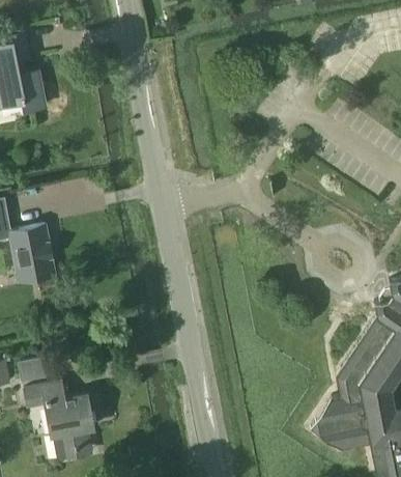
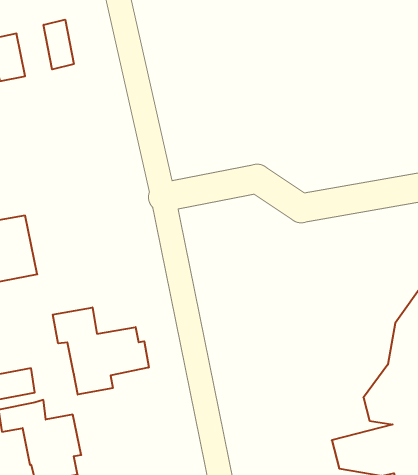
building: none -> [44,20,74,69]
building: none -> [53,307,149,395]

